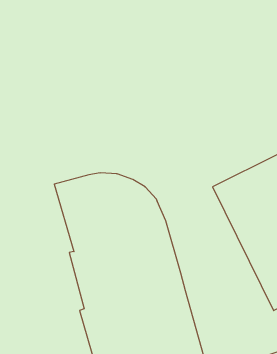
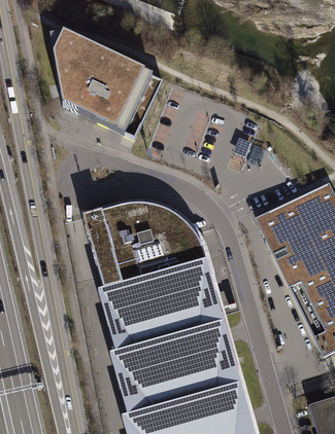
building: none -> [51,30,163,136]

